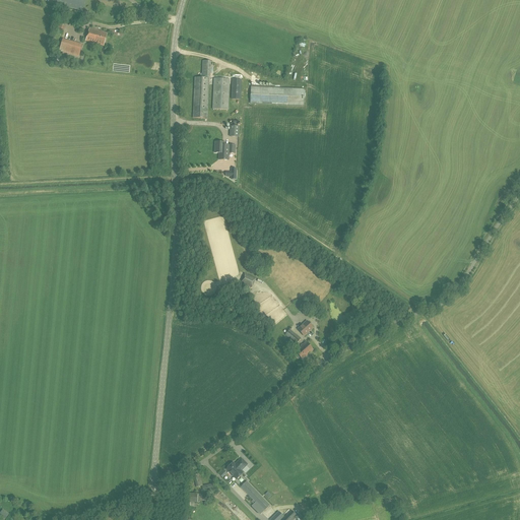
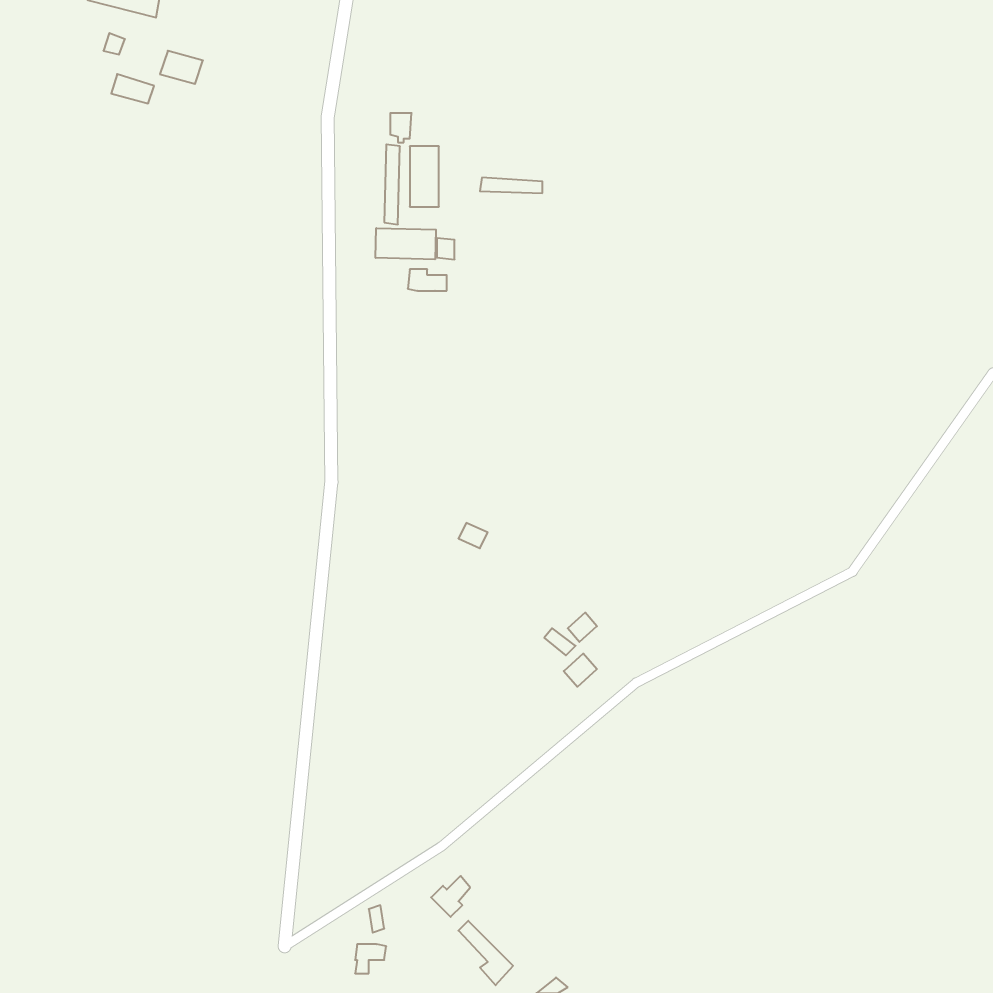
building: none -> [376,228,436,259]

